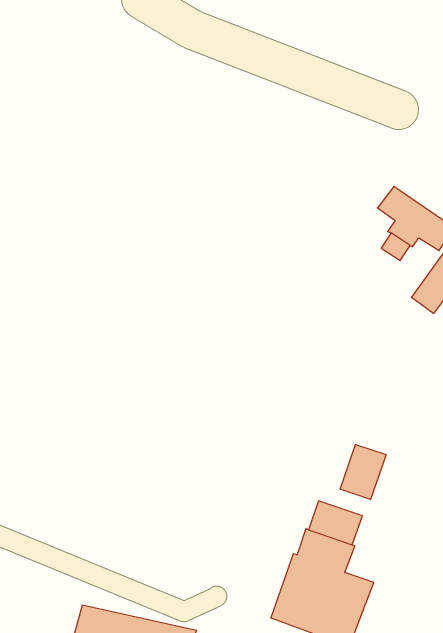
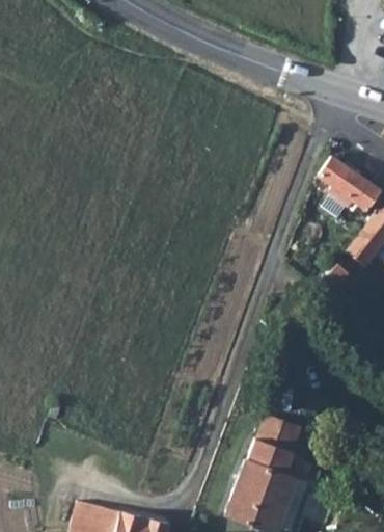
building: [340,444,386,500] -> none

